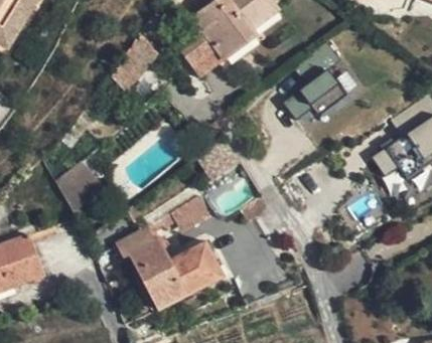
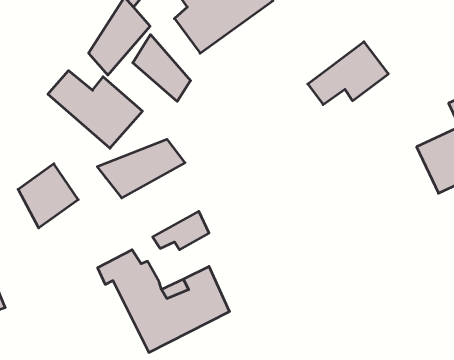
building: none -> [133,35,191,101]
building: none -> [48,71,142,148]
building: none -> [97,139,185,198]

